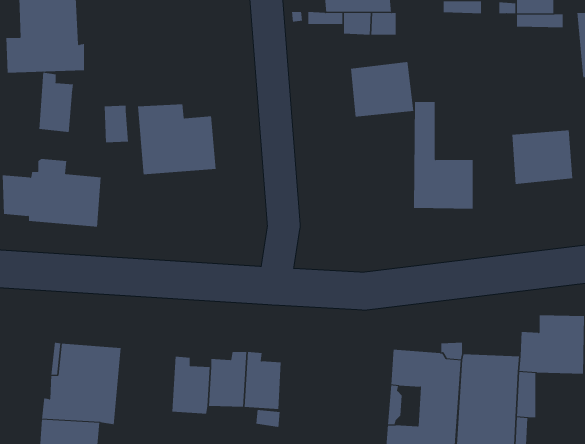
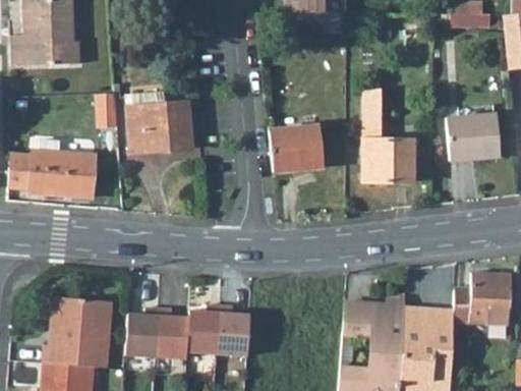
building: [350,61,414,117] -> [270,124,325,172]
building: [39,72,73,133] -> none
building: none -> [125,308,158,356]

